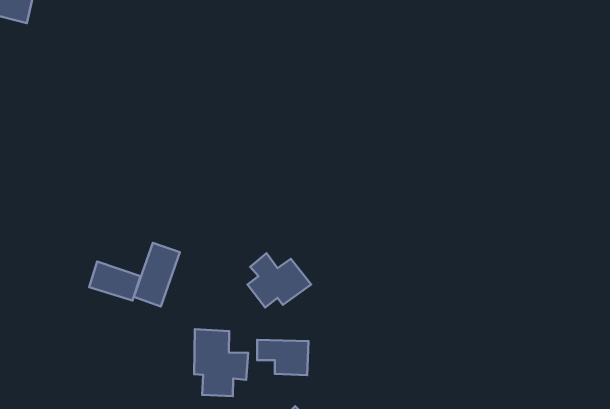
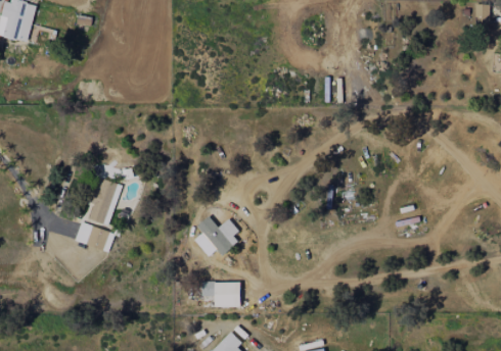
building: [134,243,180,306] -> [87,178,122,225]
building: [194,329,248,396] -> none

